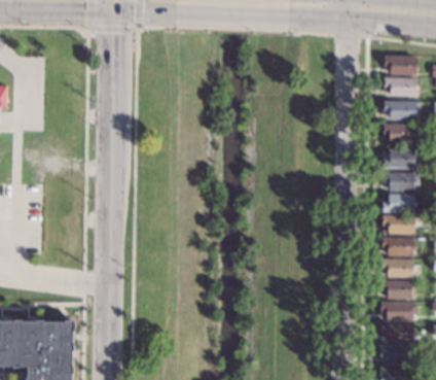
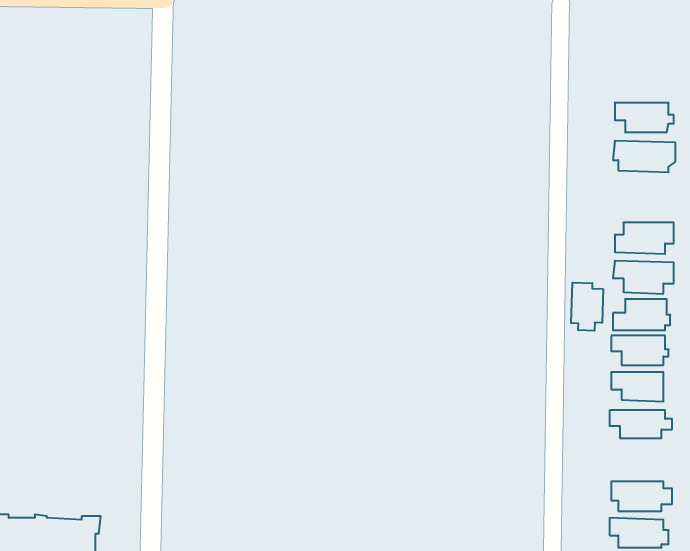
building: [383,56,417,73] -> none
building: [382,123,419,141] -> none
building: none -> [571,283,603,331]
building: [380,280,414,298] -> none

